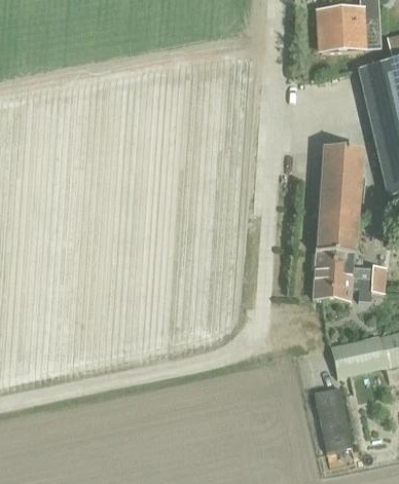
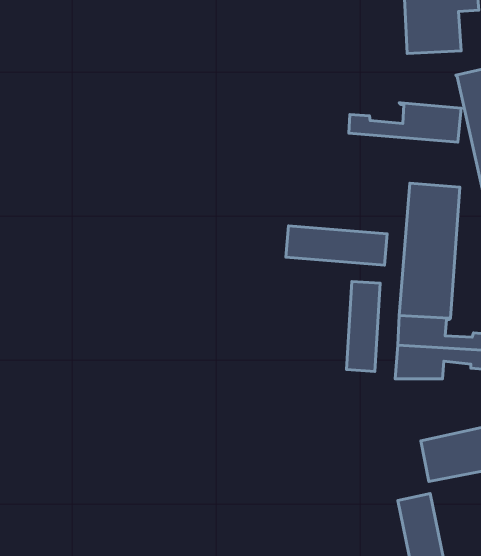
building: none -> [349,103,461,142]
building: none -> [286,226,387,265]
building: none -> [347,281,380,371]

